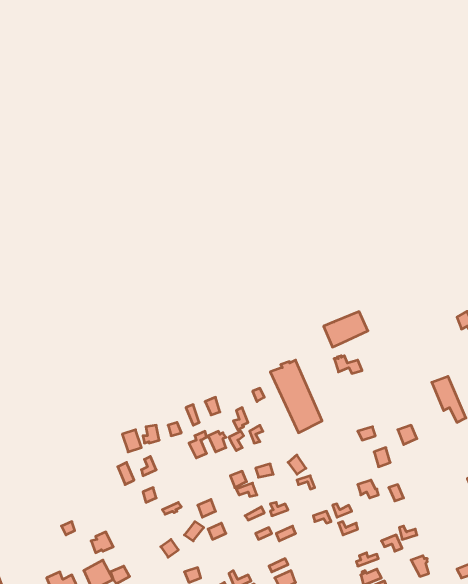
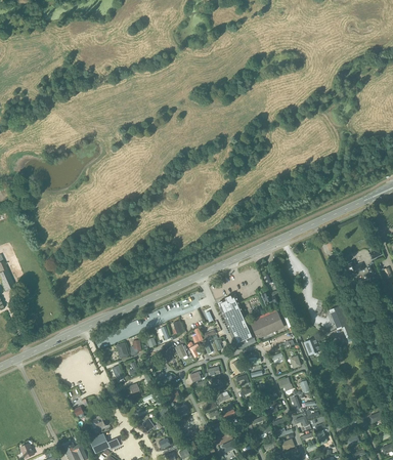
building: [324,312,368,347] -> [251,313,281,338]

